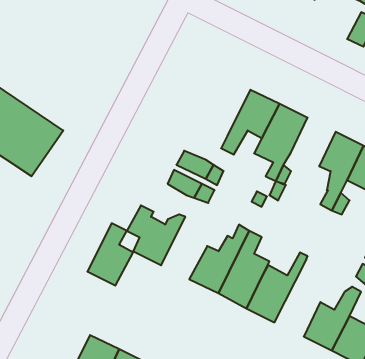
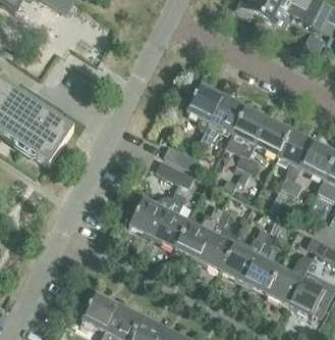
building: none -> [187,83,224,132]
building: none -> [257,117,292,156]
building: [87,223,133,286] -> [153,197,189,247]
building: none -> [243,232,280,293]

